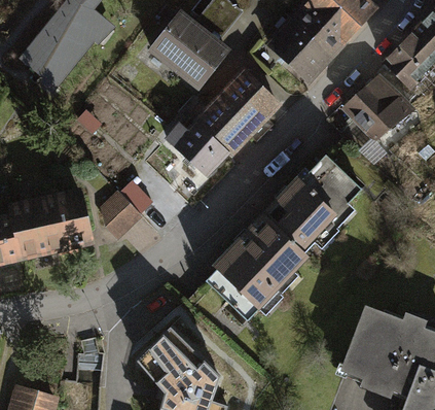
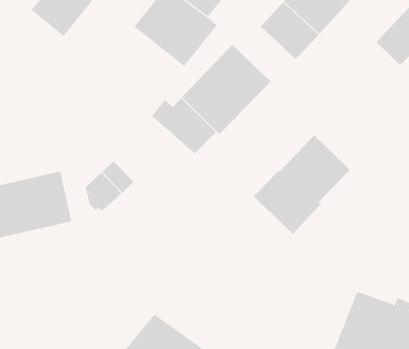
building: [24,31,78,84] -> none
building: [341,78,411,151] -> none
building: [207,216,306,320] -> none

